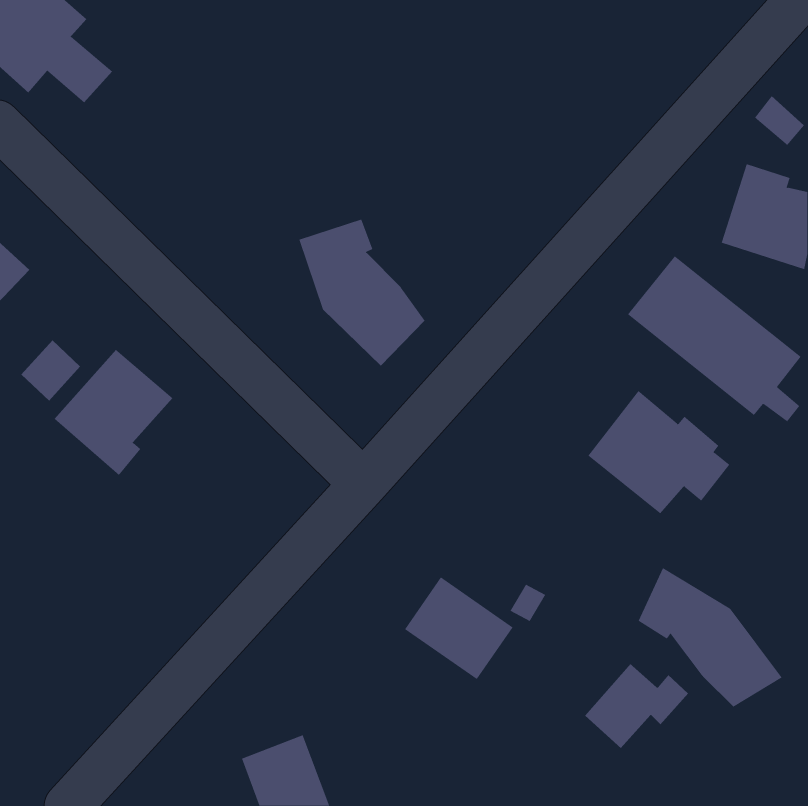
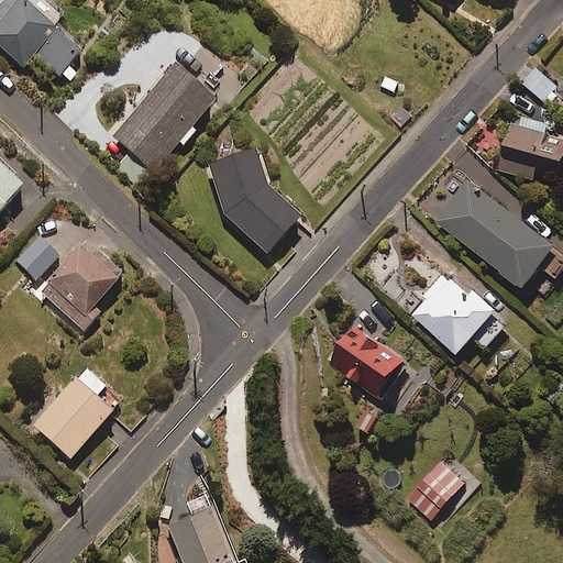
building: none -> [111,66,212,170]
building: none -> [31,368,120,459]
building: [638,567,782,707] -> none
building: [404,577,514,680] -> [328,325,404,397]

